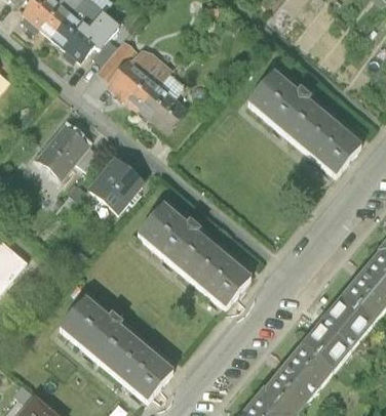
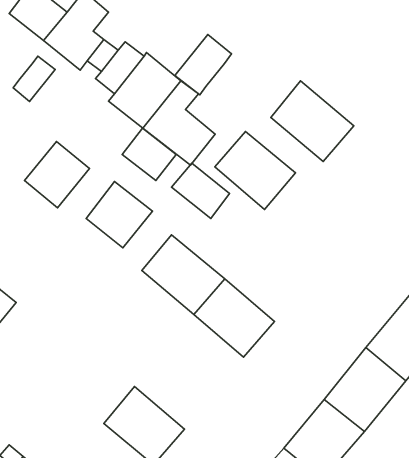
building: none -> [175,34,231,95]
building: none -> [13,56,55,101]
building: [295,110,364,177] -> [215,131,295,210]
building: none -> [122,128,176,181]
building: none -> [172,163,230,219]
building: [60,297,131,367] -> none

